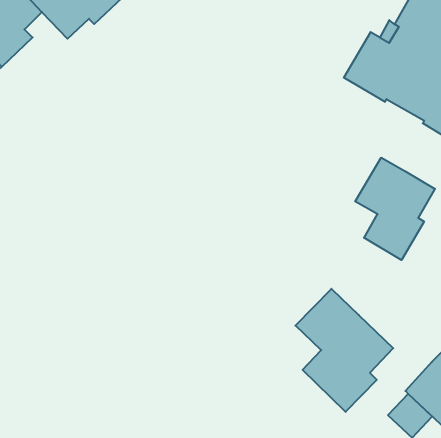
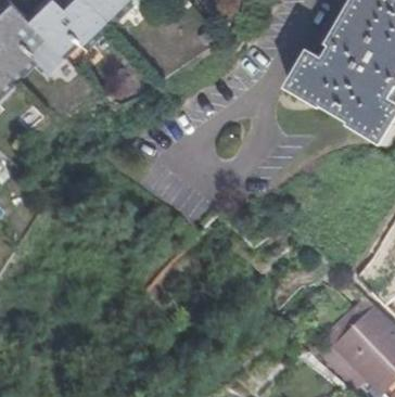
building: [355,158,435,260] -> none
building: [295,289,393,412] -> none

